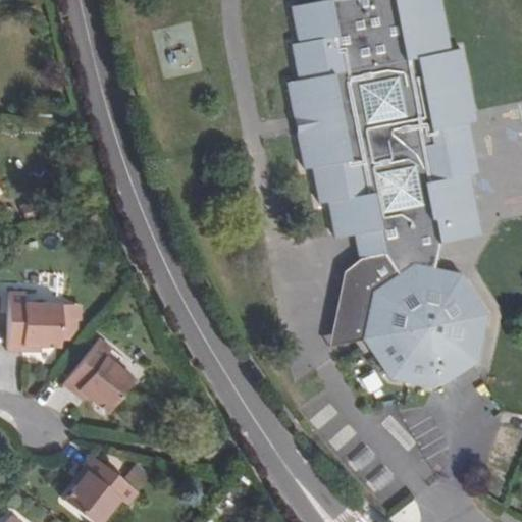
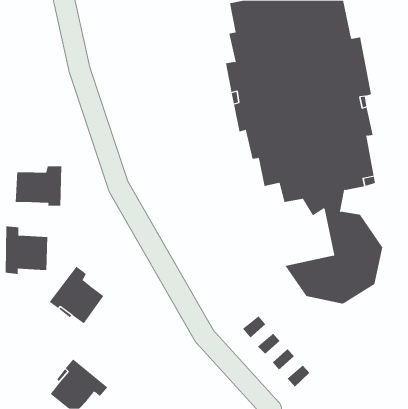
building: none -> [15,166,62,207]
building: [331,254,426,346] -> none

